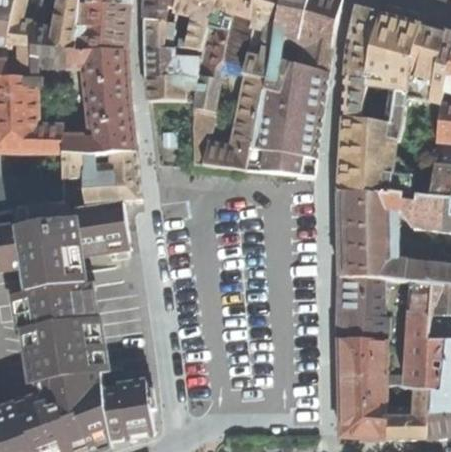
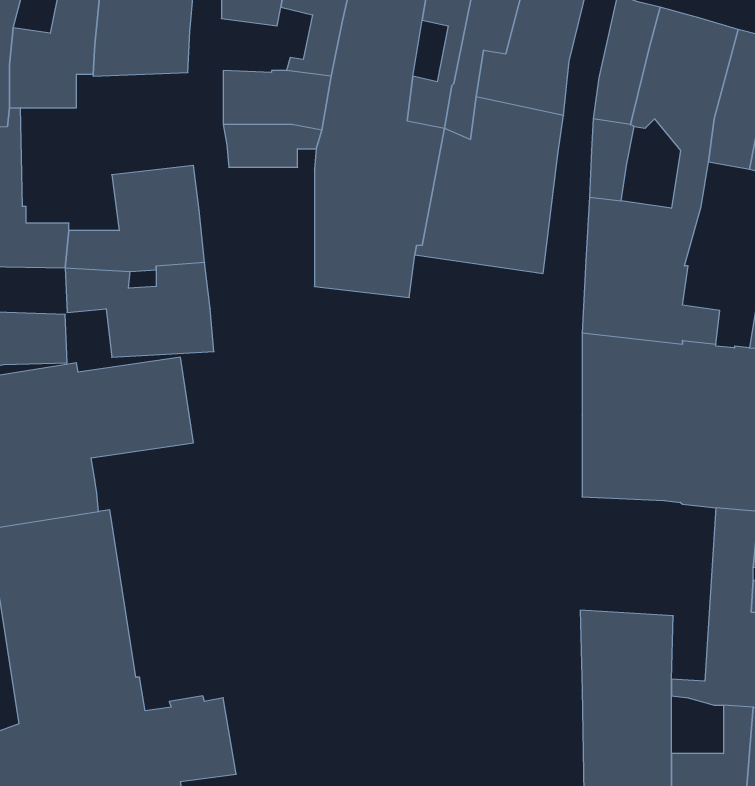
building: [144,19,174,48] -> none
building: [66,48,129,103] -> none
building: [245,146,317,175] -> none
building: [337,276,389,340] -> none

